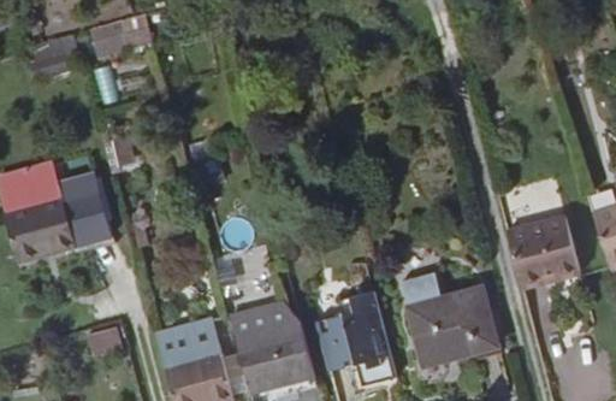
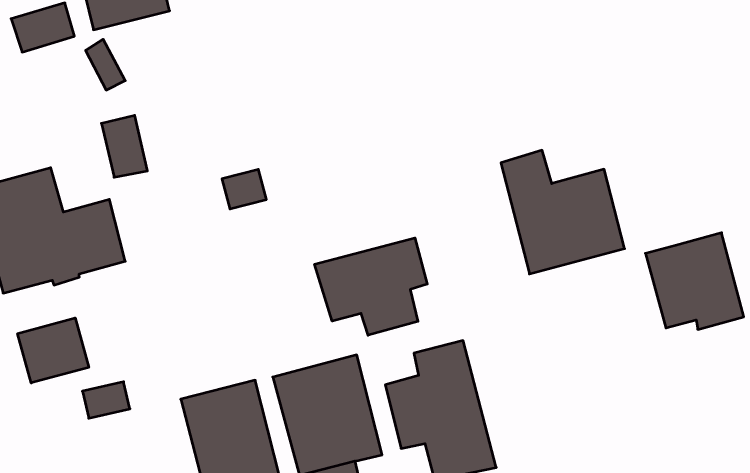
building: none -> [315,238,427,335]
building: none -> [18,318,89,383]
building: [409,281,503,375] -> [501,150,625,274]

